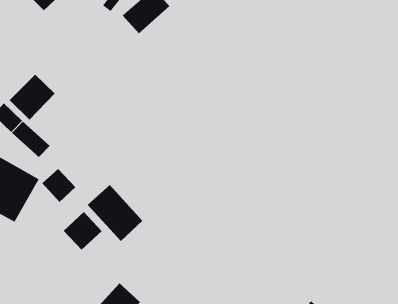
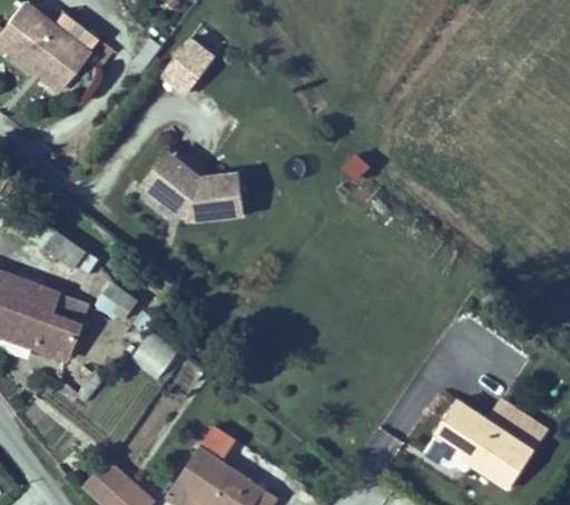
building: none -> [138,149,246,225]
building: [9,74,55,121] -> none
building: [87,184,143,242] -> none

